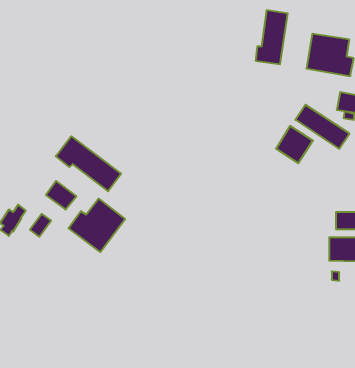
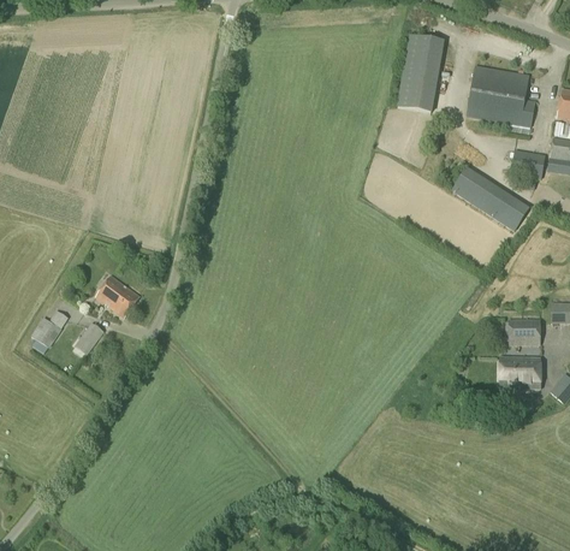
building: [276,126,313,163] -> none
building: [56,136,121,191] -> none
building: [68,199,125,252] -> none

